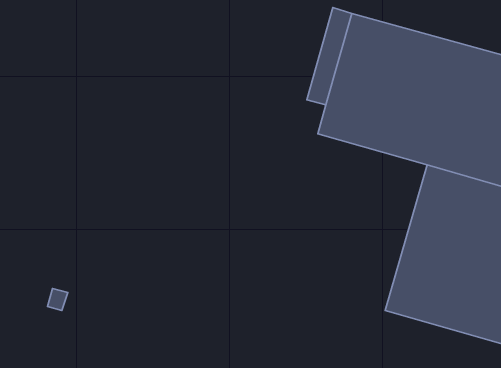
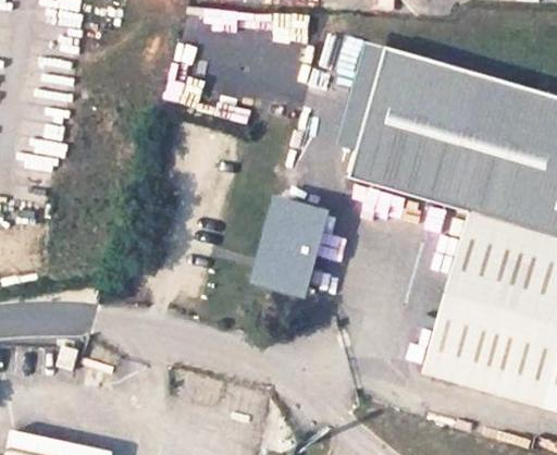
building: none -> [257,201,323,293]

